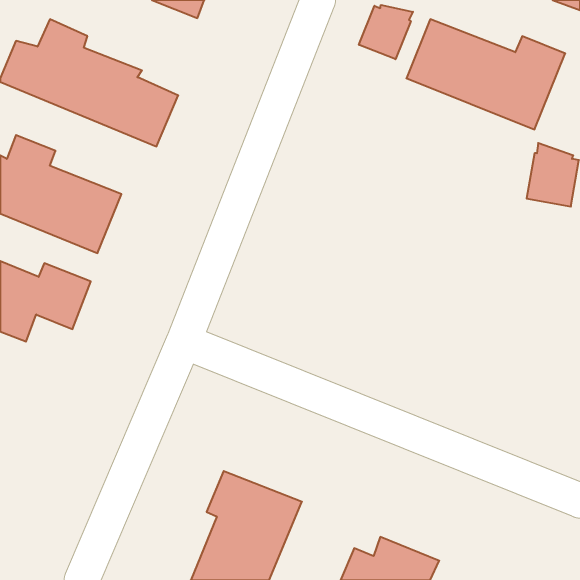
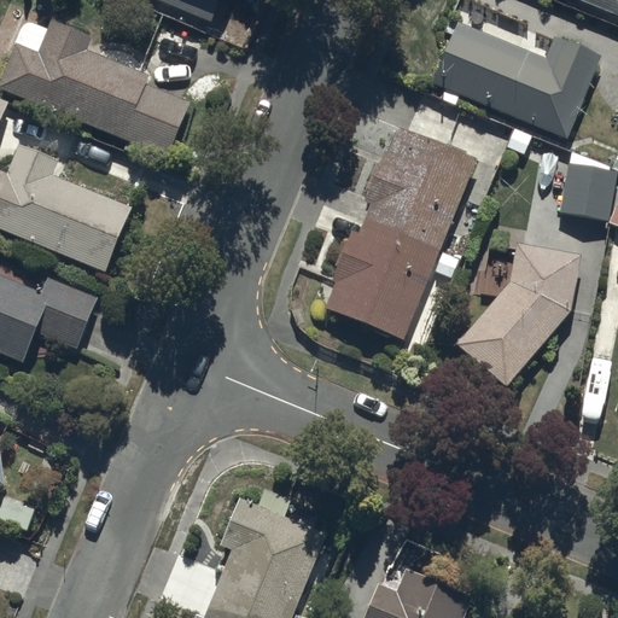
building: [359,5,413,59] -> none
building: none -> [327,127,483,338]
building: none -> [455,244,581,385]

